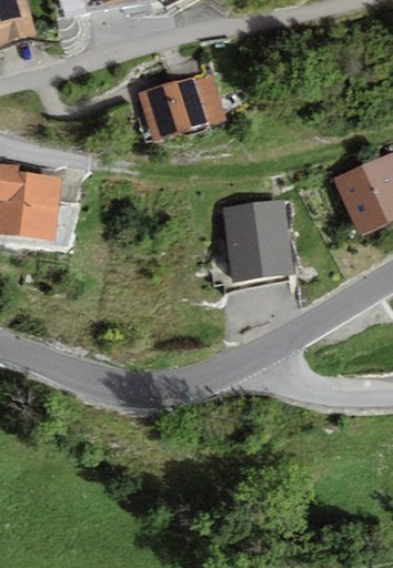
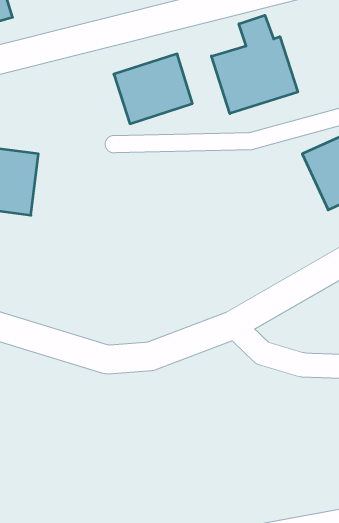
building: none -> [211,15,298,114]
building: [221,199,293,282] -> none

